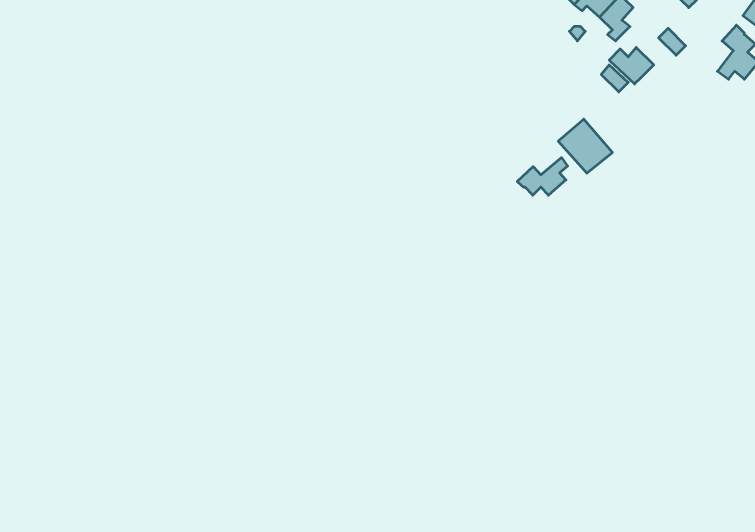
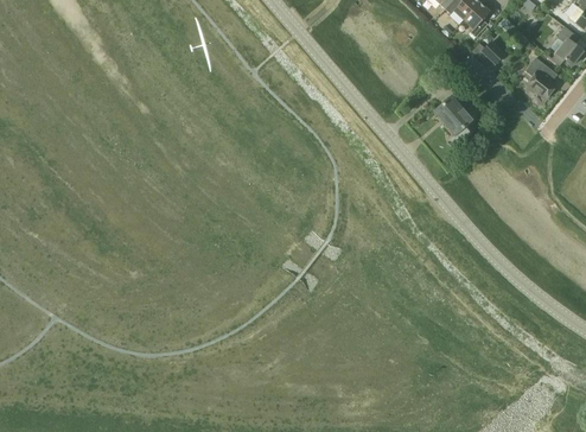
building: none -> [526,56,558,97]
building: [517,158,568,195] -> none

